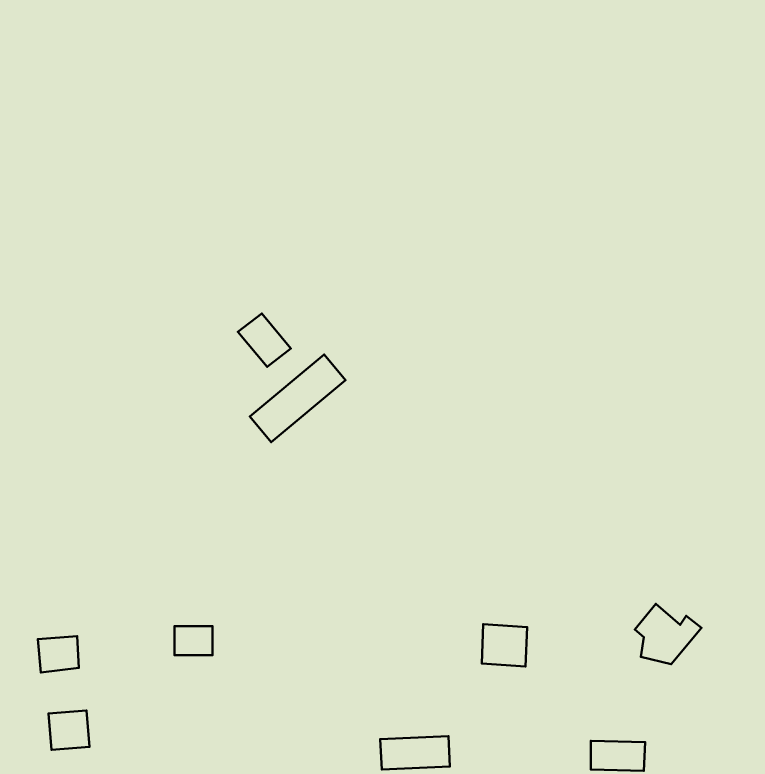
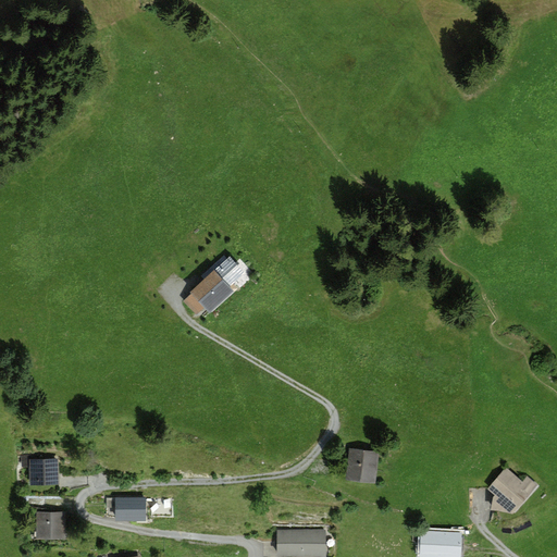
building: [238,313,291,367] -> none
building: [635,604,701,664] -> [490,470,537,513]
building: [175,626,212,655] -> [110,498,137,519]

